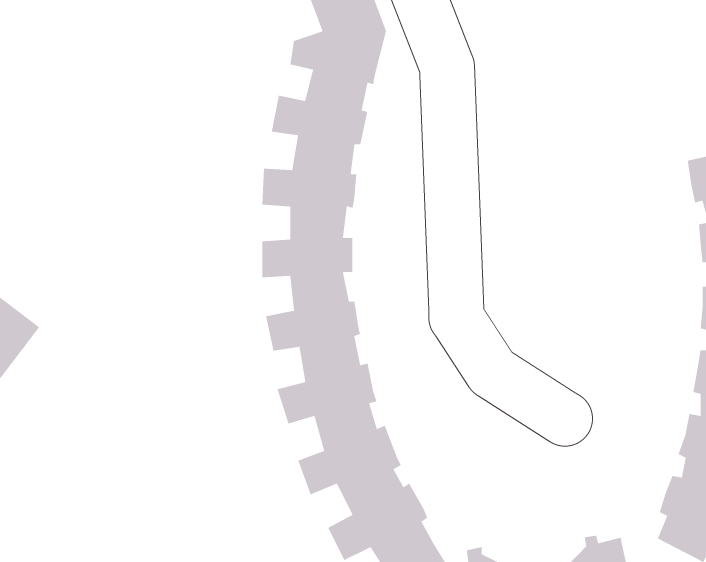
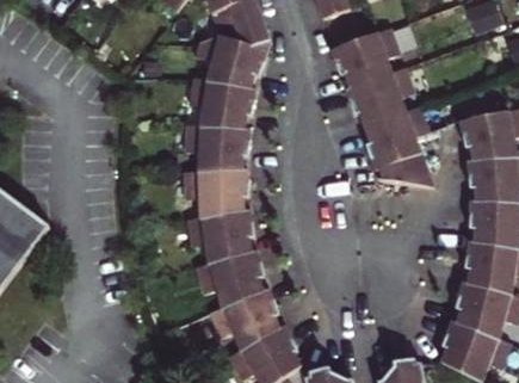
building: none -> [330,27,434,185]

